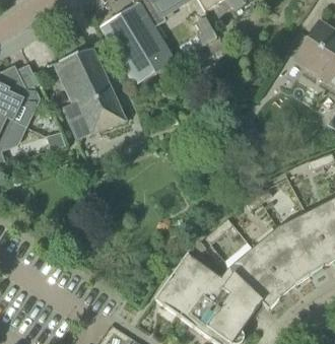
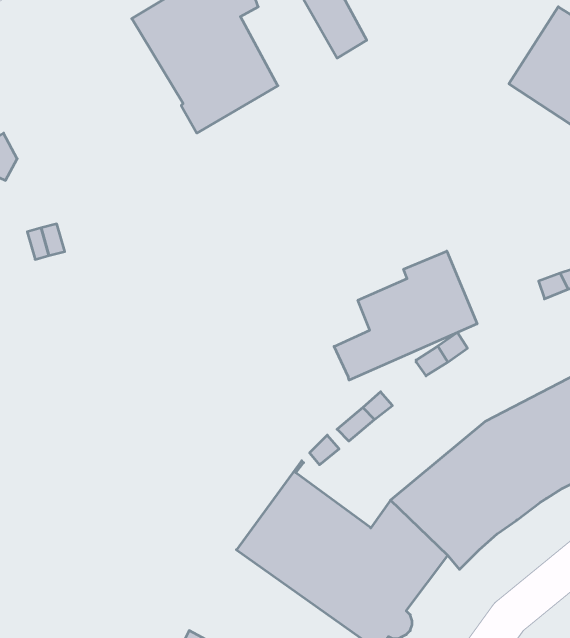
building: [59,46,126,138] -> none
building: none -> [334,251,477,380]

